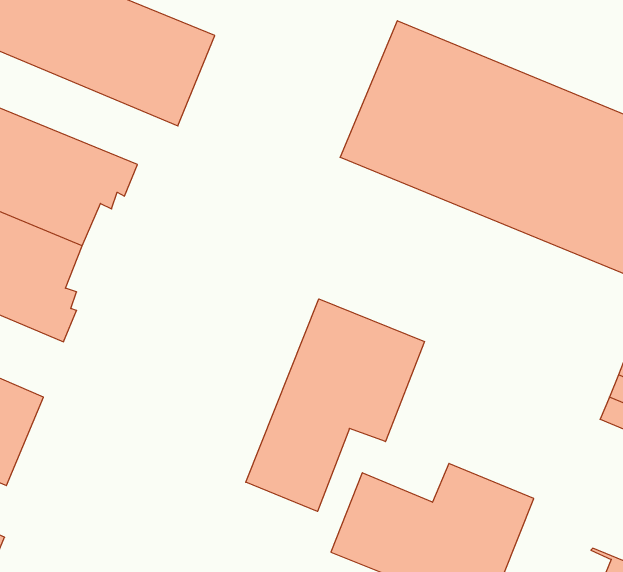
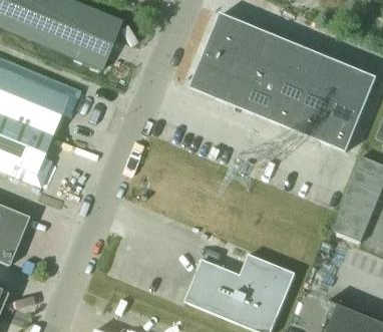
building: [246,299,424,511] -> none

